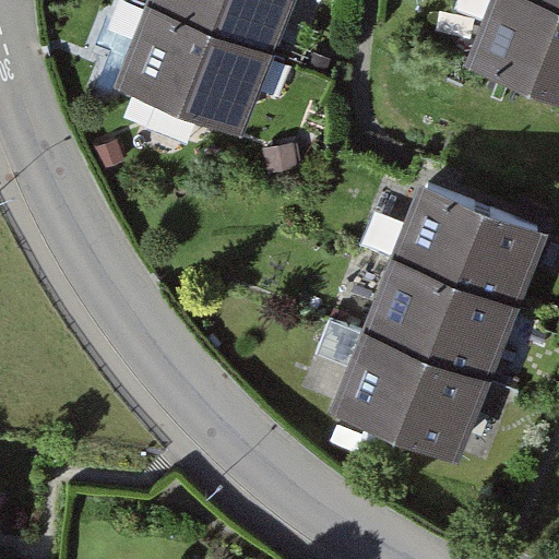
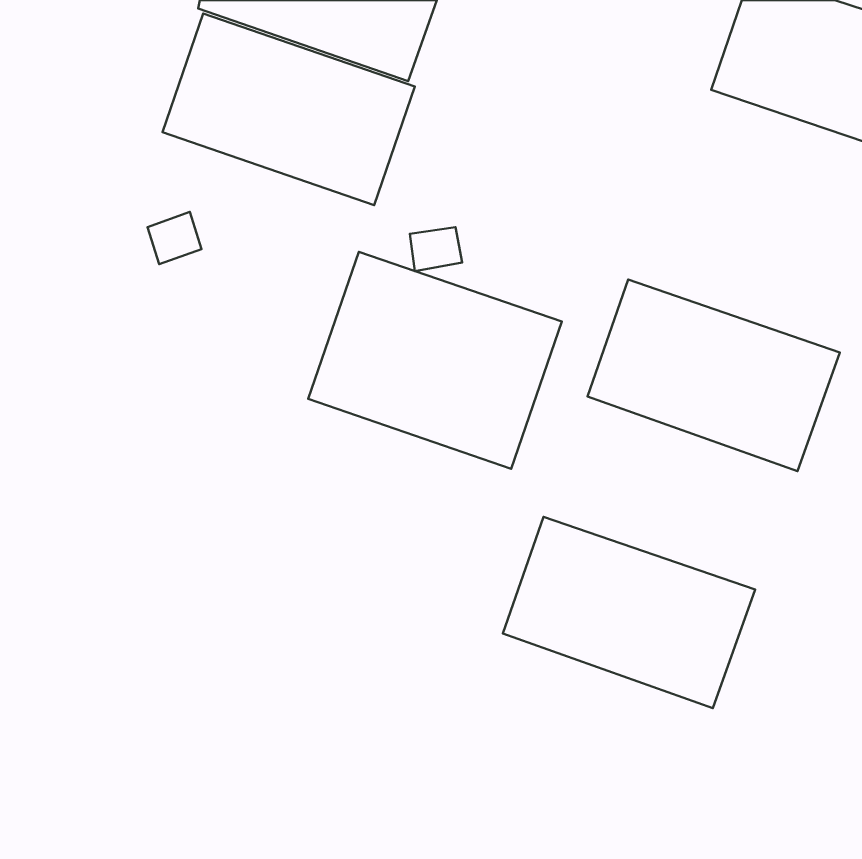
building: none -> [308,252,562,469]
building: [354,261,516,384] -> none

